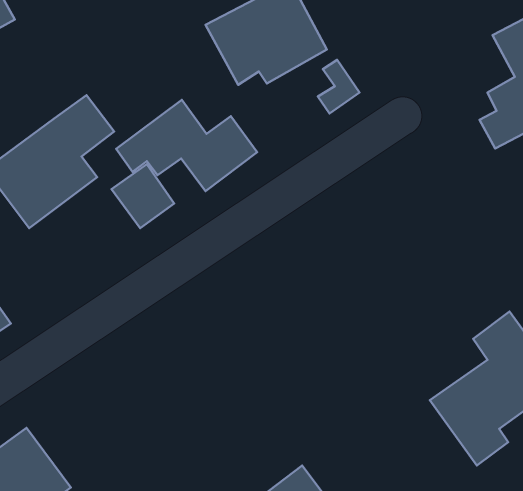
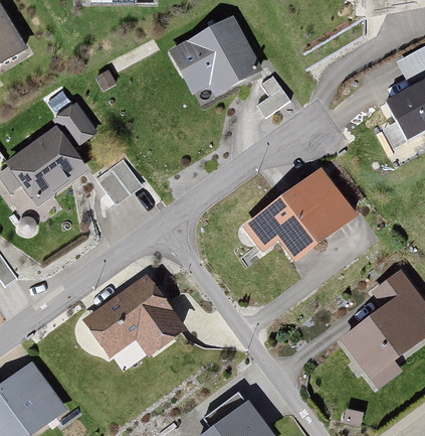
building: [116,100,257,191] -> none
building: none -> [243,170,357,265]
building: none -> [80,273,186,357]

